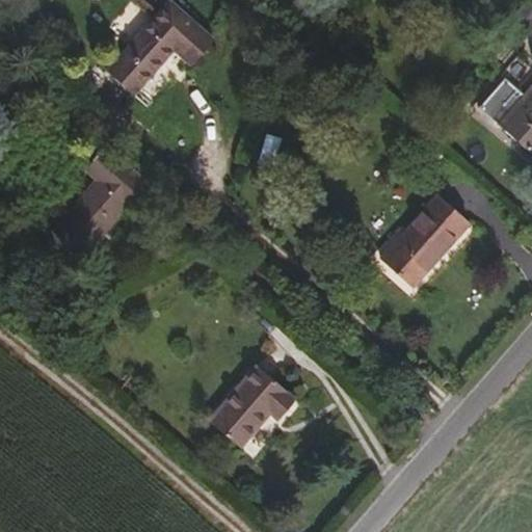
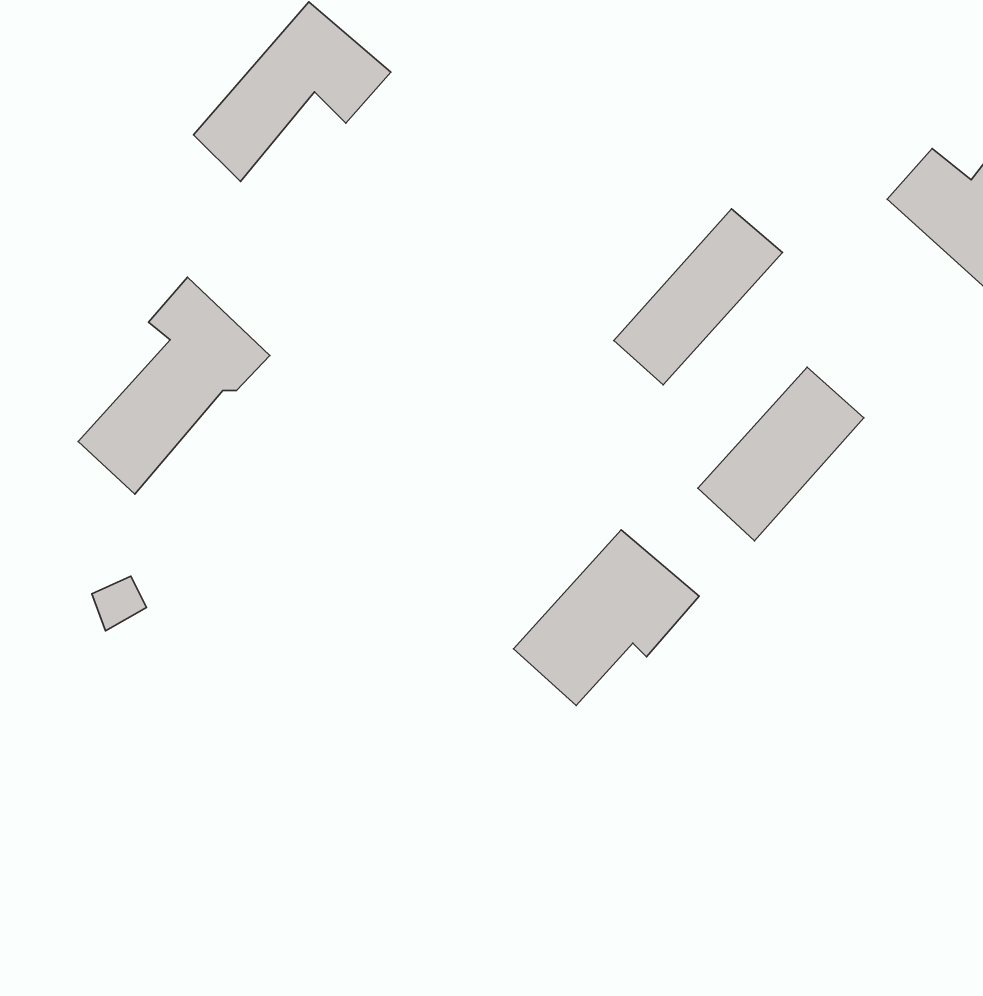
building: none -> [614,209,783,385]
building: [205,355,303,449] -> [514,530,699,706]

